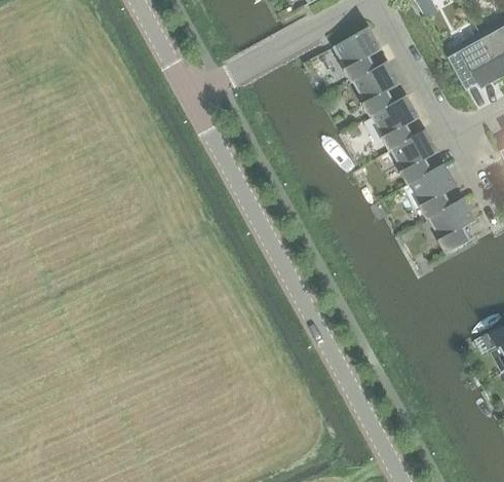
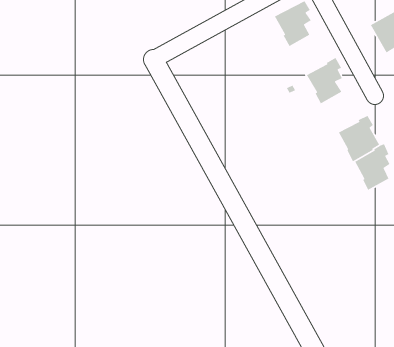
building: [353,60,397,116] -> none
building: [391,127,435,184] -> none

